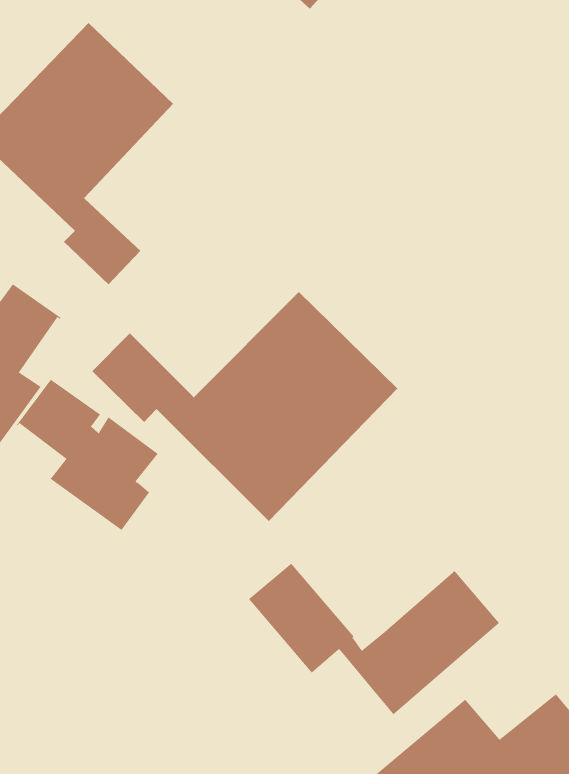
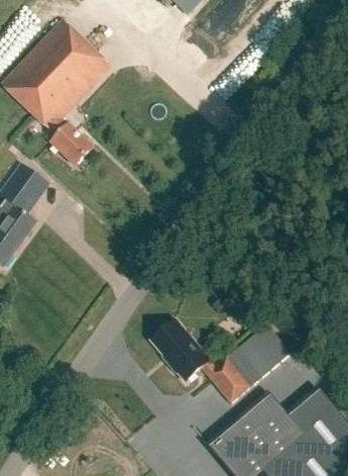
building: [91,291,398,522] -> none
building: [16,379,159,531] -> none

